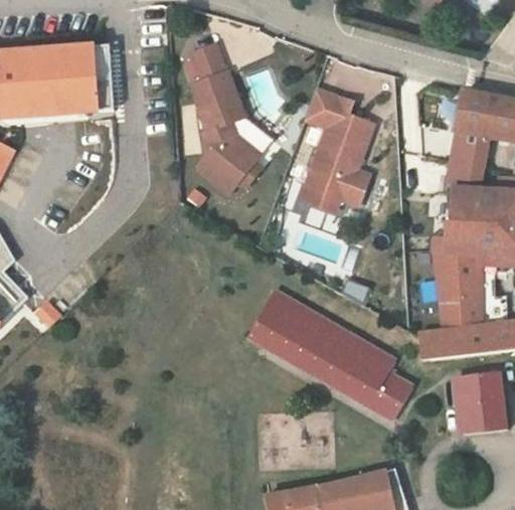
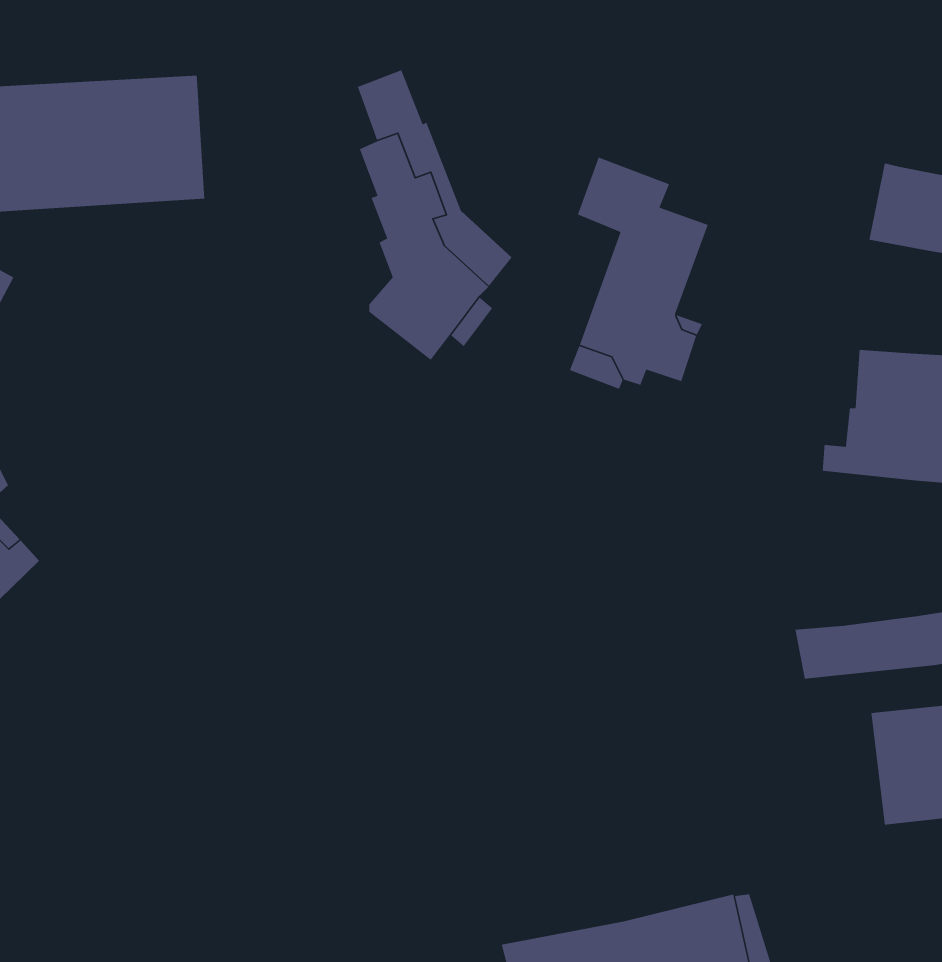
building: [448,132,488,190] -> none
building: [433,251,481,331] -> none
building: [247,291,412,417] -> none

